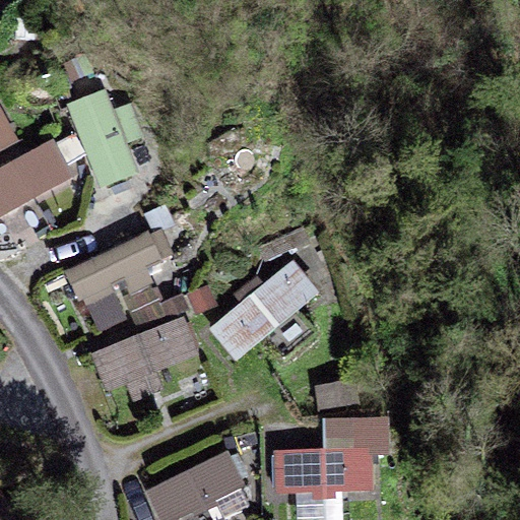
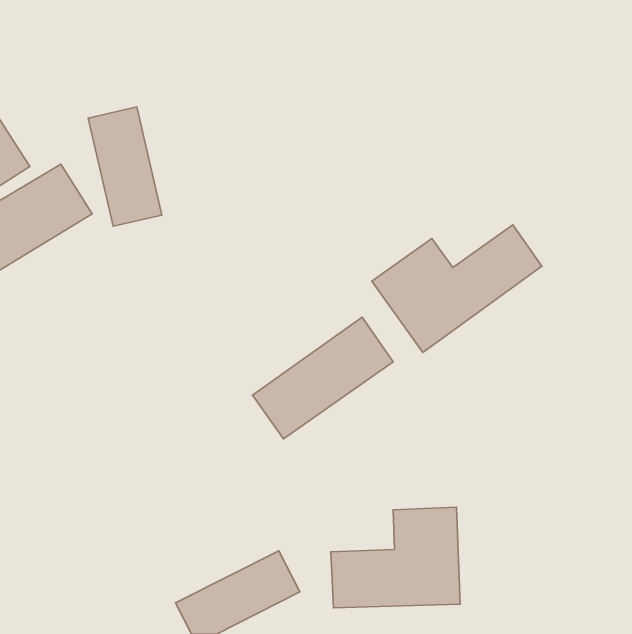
building: none -> [372,225,542,352]
building: [65,229,173,341] -> none
building: [90,317,201,396] -> none

